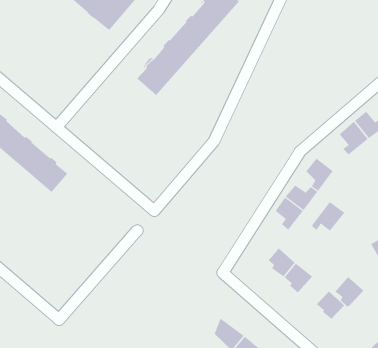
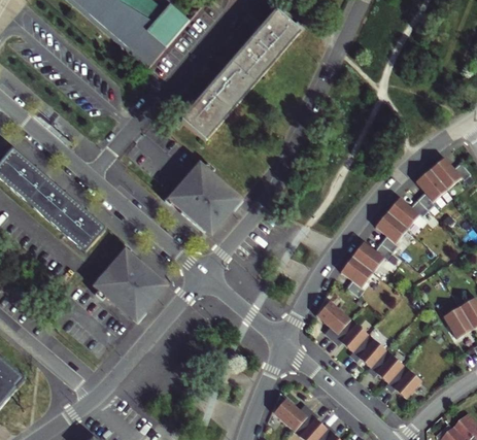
building: none -> [168,164,236,230]
building: none -> [387,197,424,226]
building: none -> [97,249,162,316]
building: [311,201,345,232] -> none
building: none -> [312,298,344,330]
building: [334,276,364,308] -> [368,346,402,382]

